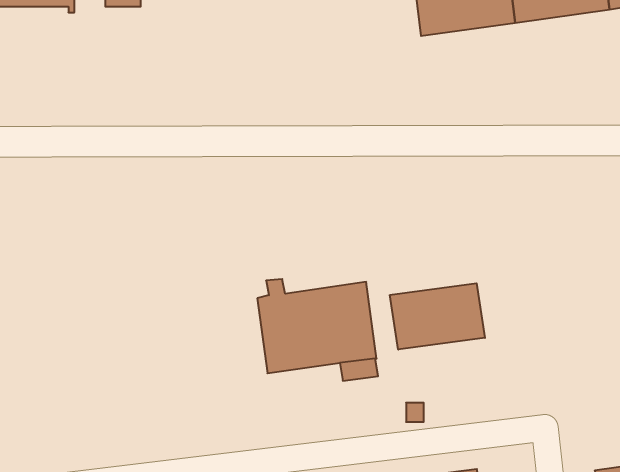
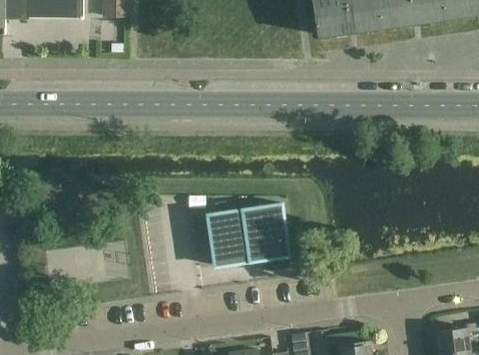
building: [390,283,485,350] -> none

